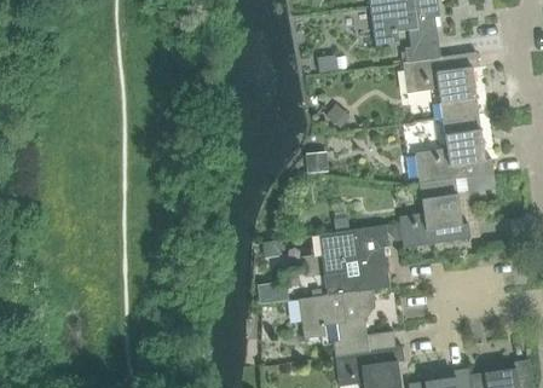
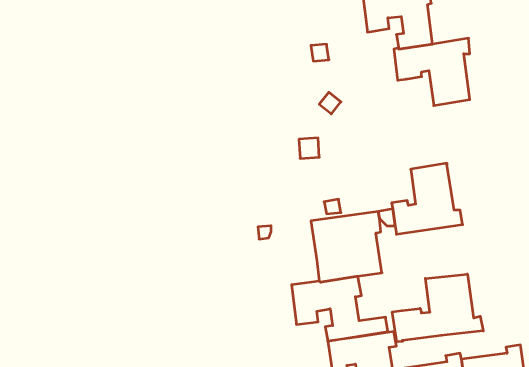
building: [414,112,493,183] -> none
building: none -> [392,274,483,342]

